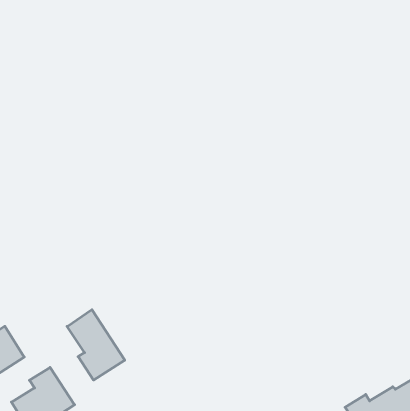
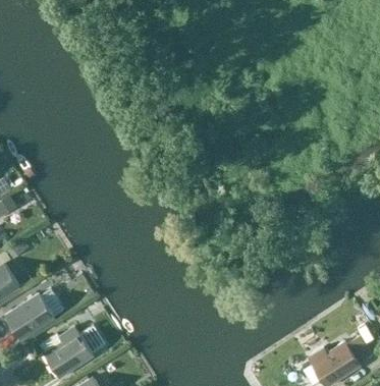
building: [67,310,125,380] -> none

